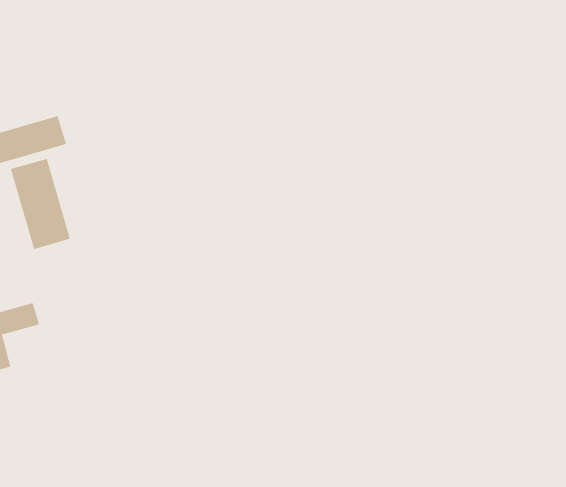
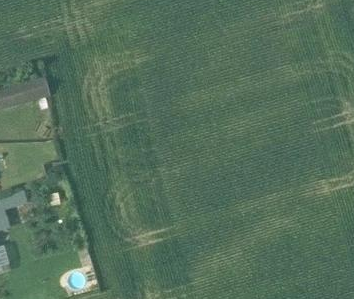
building: [10,158,71,250] -> none

